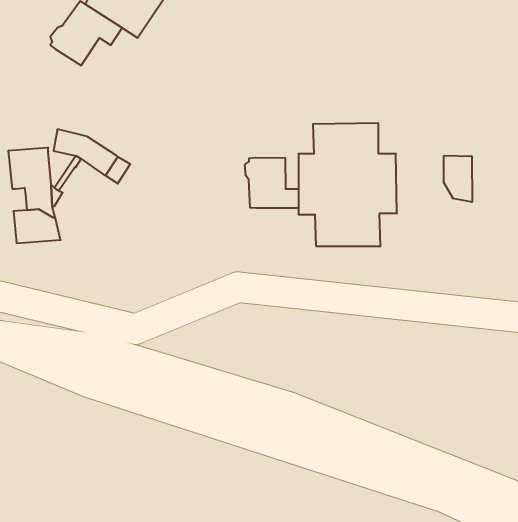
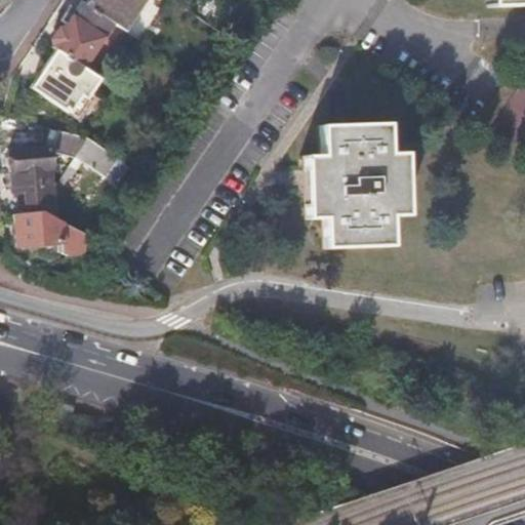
building: none -> [37,49,104,118]
building: [444,156,472,202] -> none
building: [245,158,298,208] -> none

